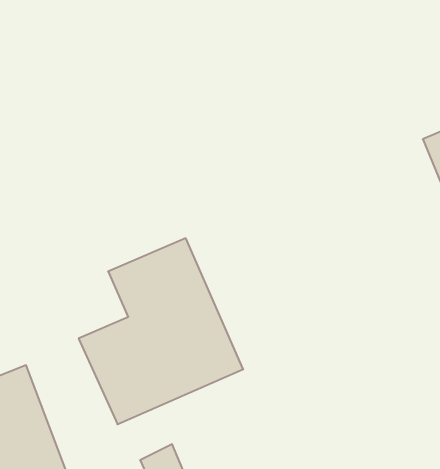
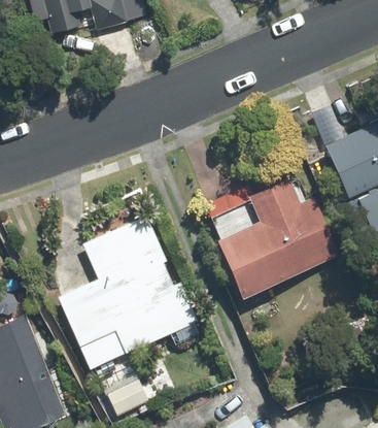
building: none -> [218,183,334,293]

